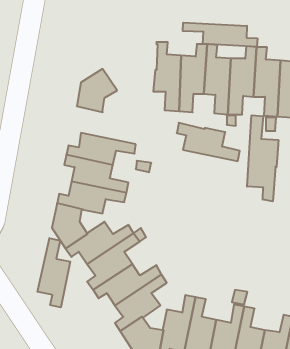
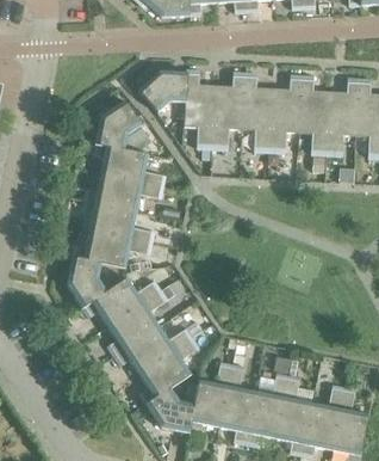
building: [183,23,257,47] -> none
building: none -> [138,69,188,111]
building: [247,115,278,201] -> none
building: [177,123,240,161] -> [93,142,166,186]
building: [37,238,70,307] -> none

